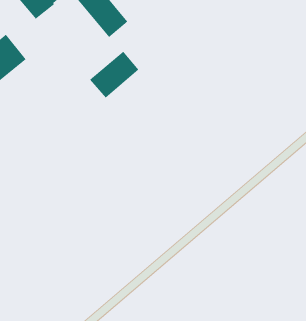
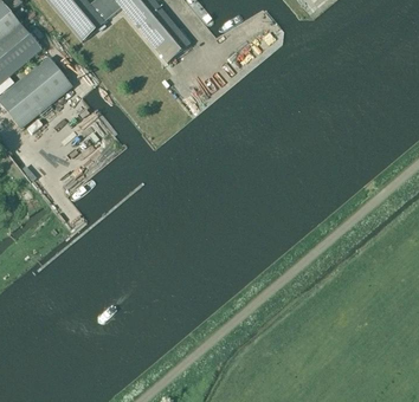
building: [89,51,139,99] -> none

